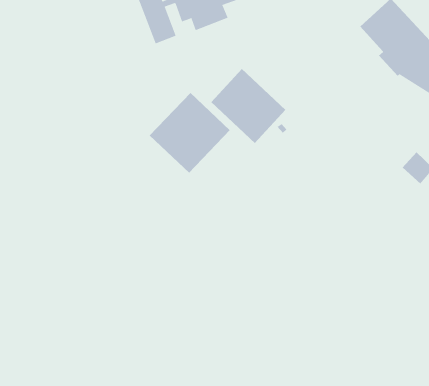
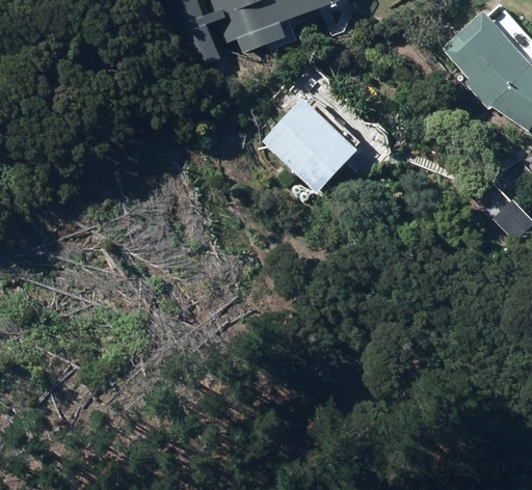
building: [149,92,231,174] -> none

